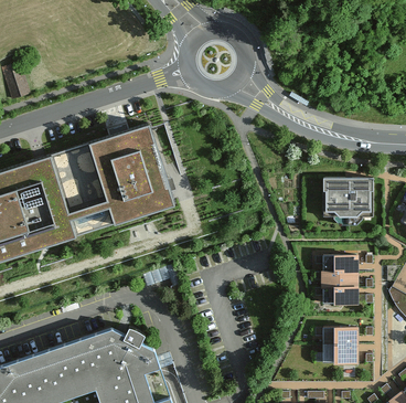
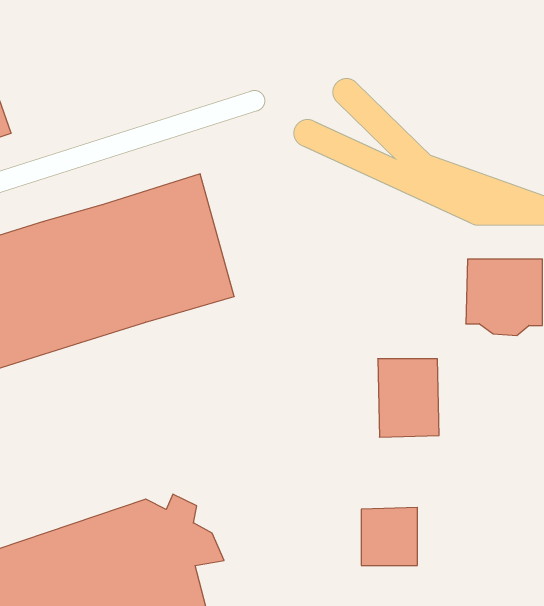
building: [321,254,361,305] -> [378,359,439,437]
building: [323,325,360,362] -> [361,507,417,565]

